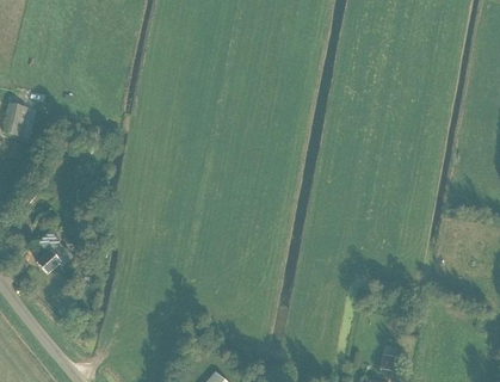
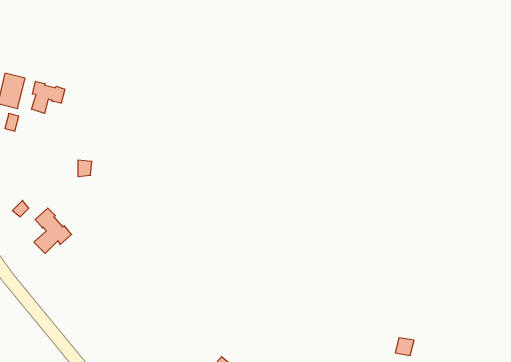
building: none -> [32,81,65,113]

